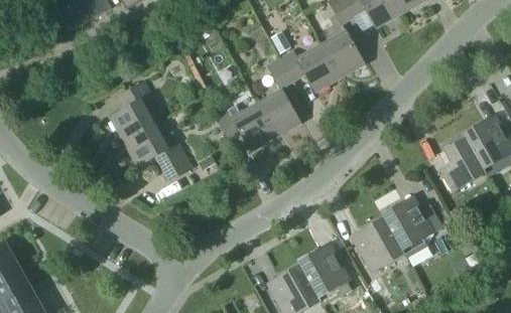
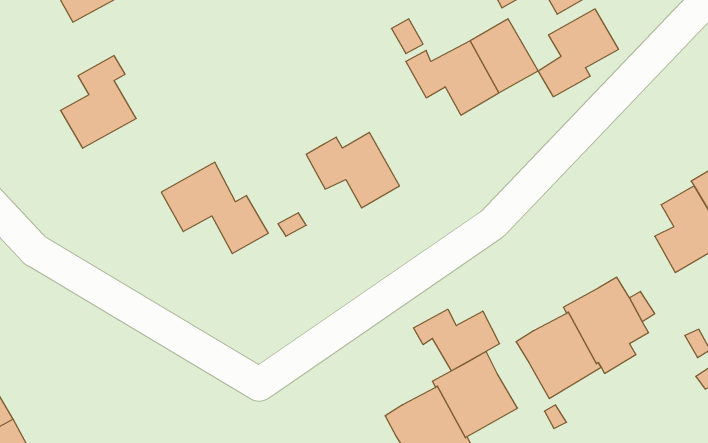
building: none -> [538,9,618,97]
building: [257,57,301,137] -> none
building: [110,82,158,141] -> [60,55,136,148]
building: none -> [414,309,500,371]

